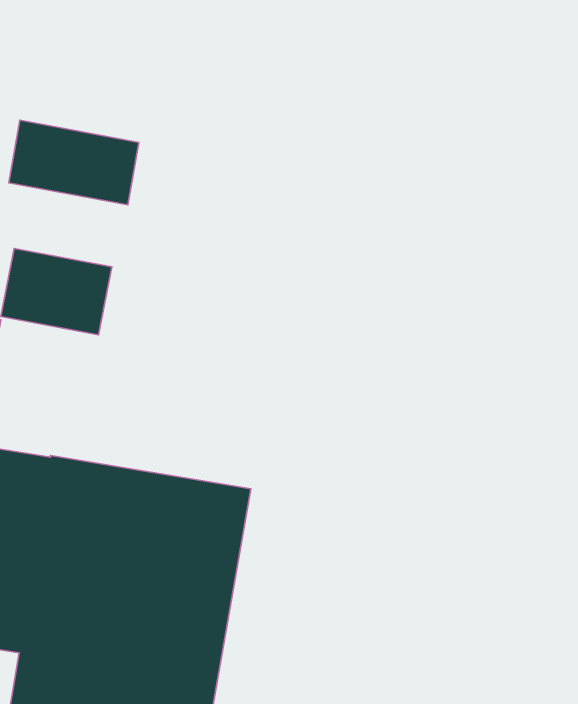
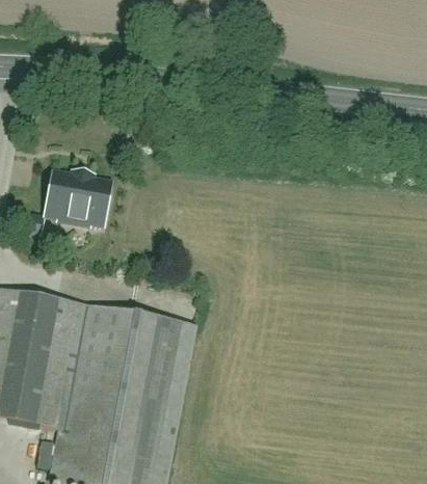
building: [9,120,139,205] -> none

